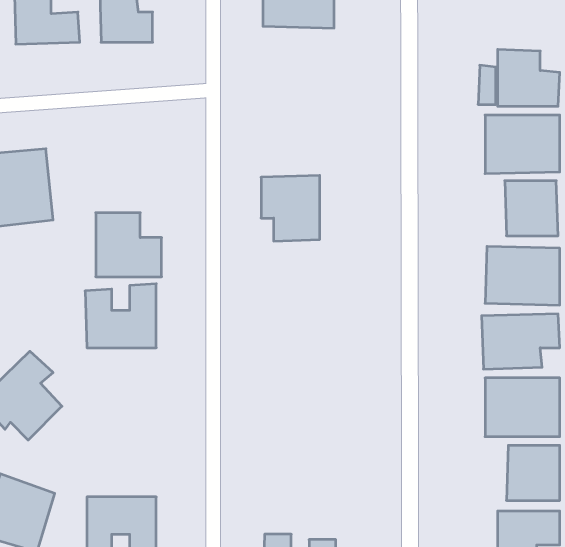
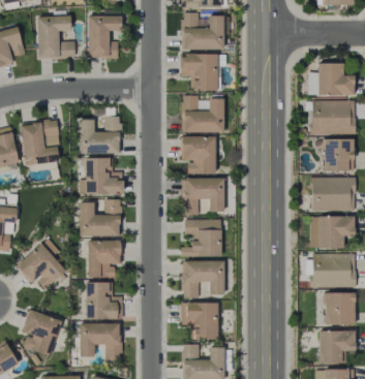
building: none -> [180,54,219,90]
building: none -> [182,95,223,132]
building: none -> [79,116,120,153]
building: none -> [182,178,223,215]
building: none -> [181,219,221,256]
building: none -> [87,240,120,277]
building: none -> [182,260,224,297]
building: none -> [86,282,122,318]
building: none -> [181,302,218,339]

